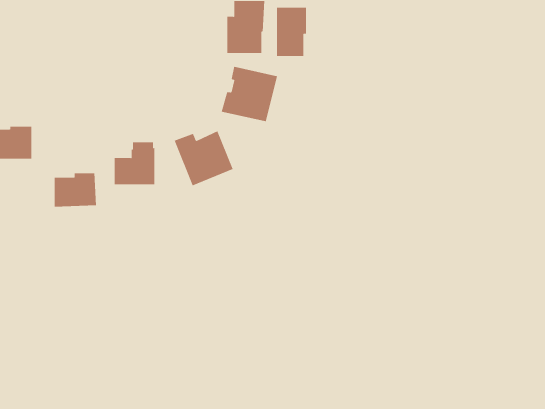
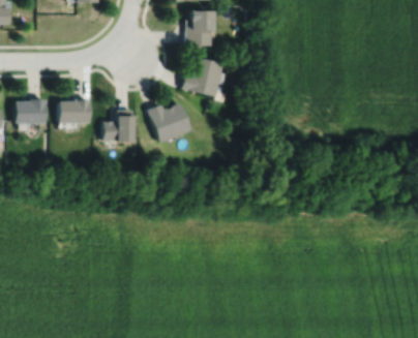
building: [276,7,307,57] -> none
building: [54,173,97,207] -> [59,98,90,123]

